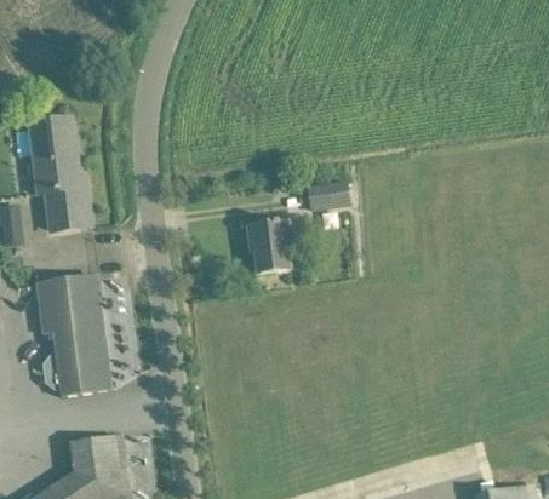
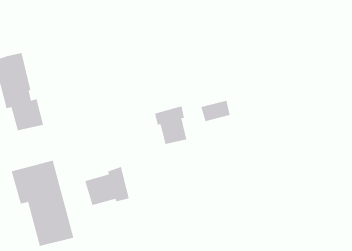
building: [308,183,349,210] -> [200,100,231,122]
building: none -> [85,166,130,206]

